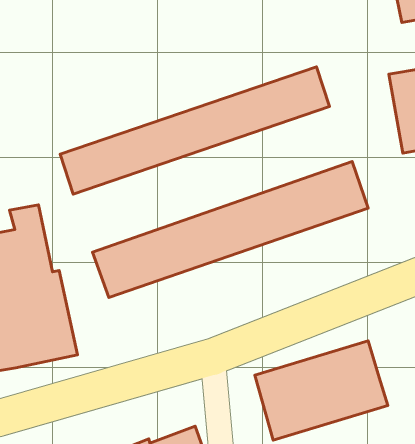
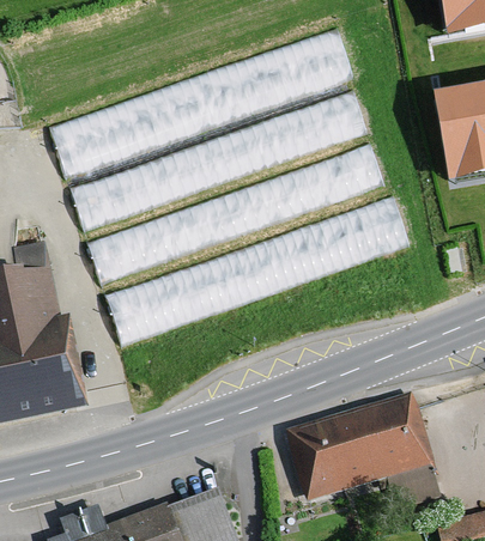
building: none -> [47,25,354,178]
building: none -> [86,141,384,284]

